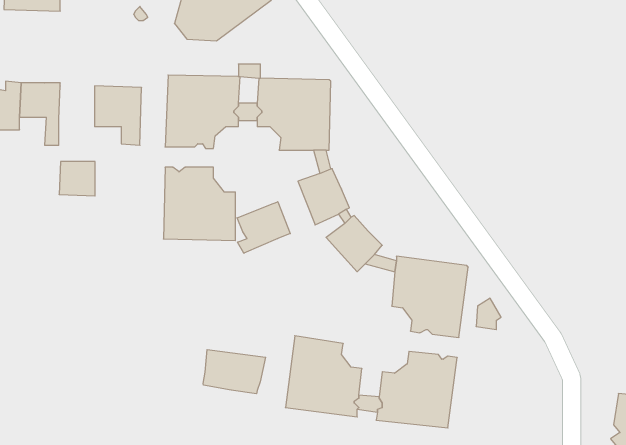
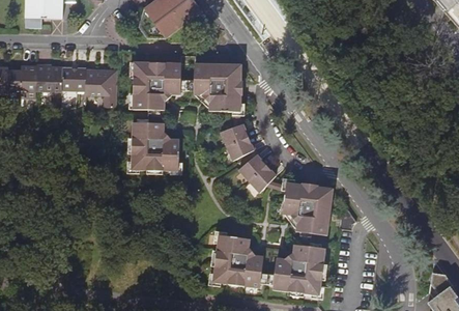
building: [59,162,95,196] -> [61,68,85,91]
building: [237,202,290,253] -> none
building: [203,350,266,394] -> none

